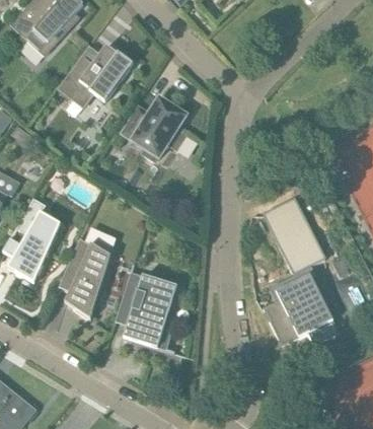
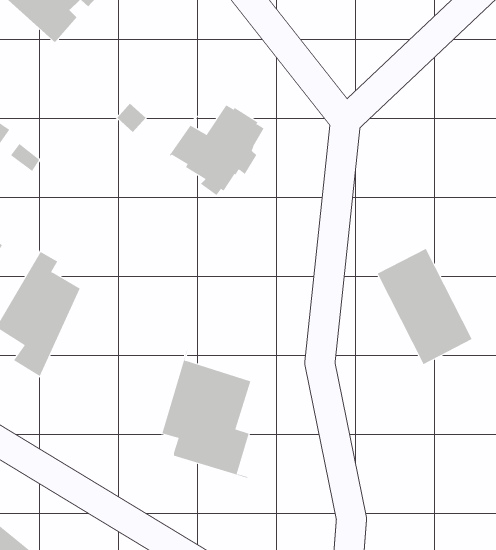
building: [58,45,133,101] -> none
building: [59,237,107,318] -> none
building: [264,274,332,338] -> none

